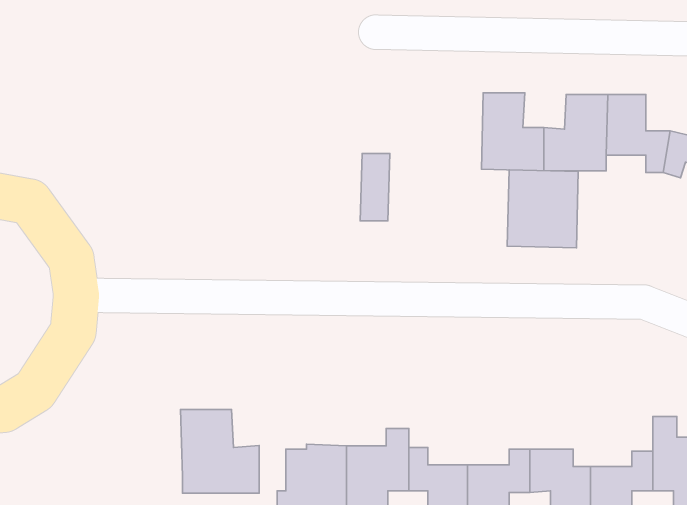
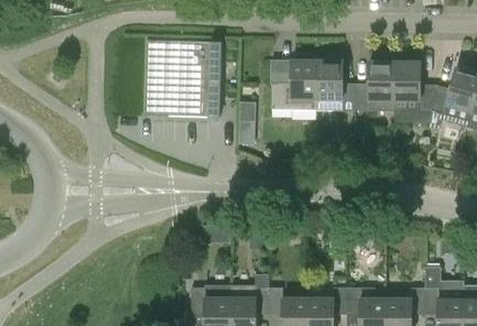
building: none -> [144,41,221,118]
building: [507,170,578,248] -> [272,59,317,109]
building: [181,410,259,493] -> none

